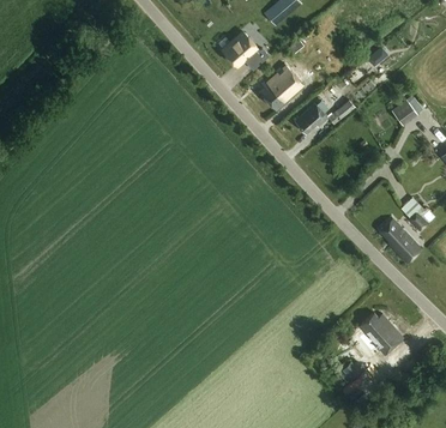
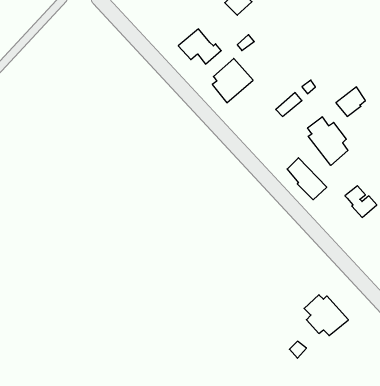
building: [294,100,329,133] -> none
building: none -> [308,117,348,165]
building: [380,217,422,261] -> [287,158,327,200]

